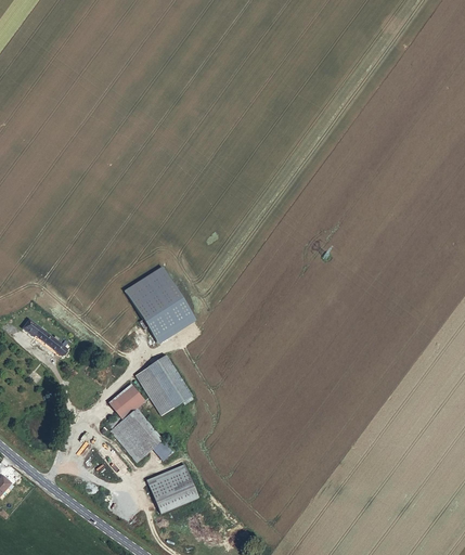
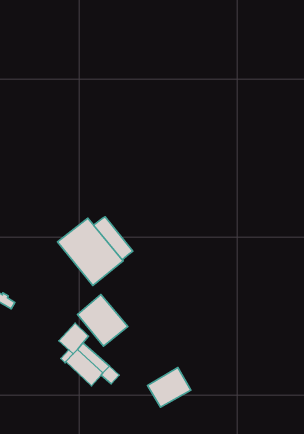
building: none -> [94,217,133,260]
building: [146,468,195,511] -> [147,367,191,407]

